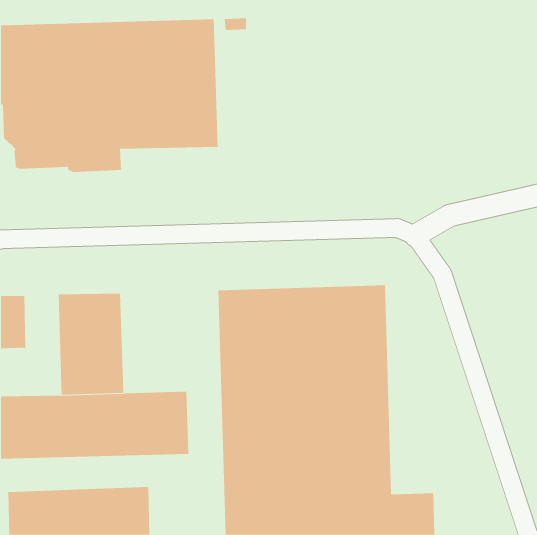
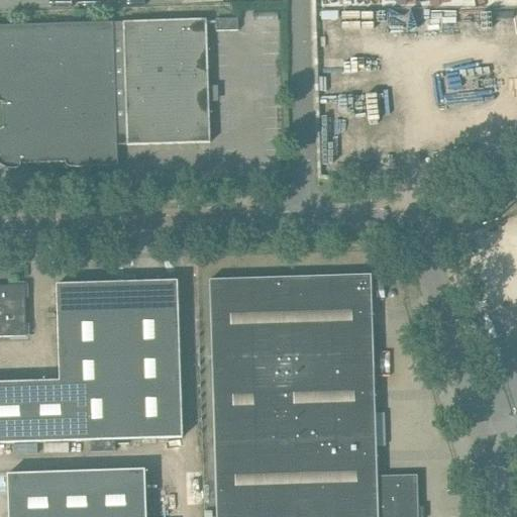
building: none -> [116,280,180,378]

